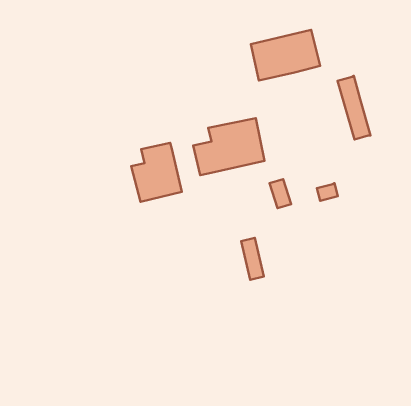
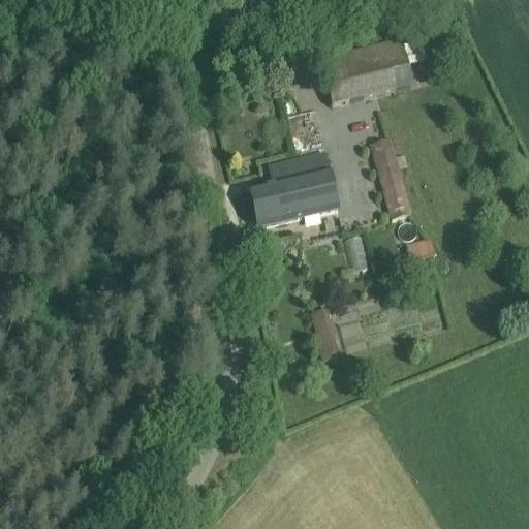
building: [338,76,371,139] -> [370,136,412,218]
building: [131,143,182,202] -> none

